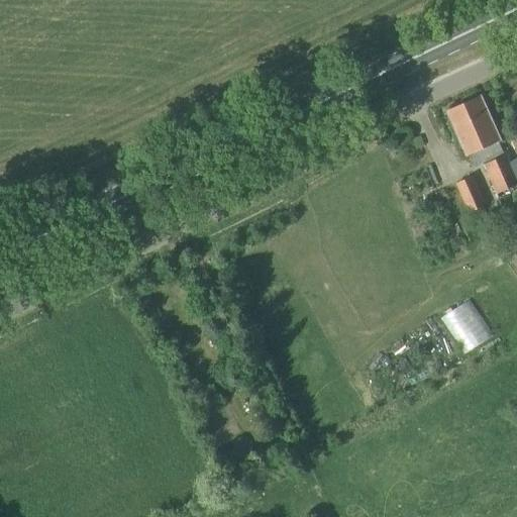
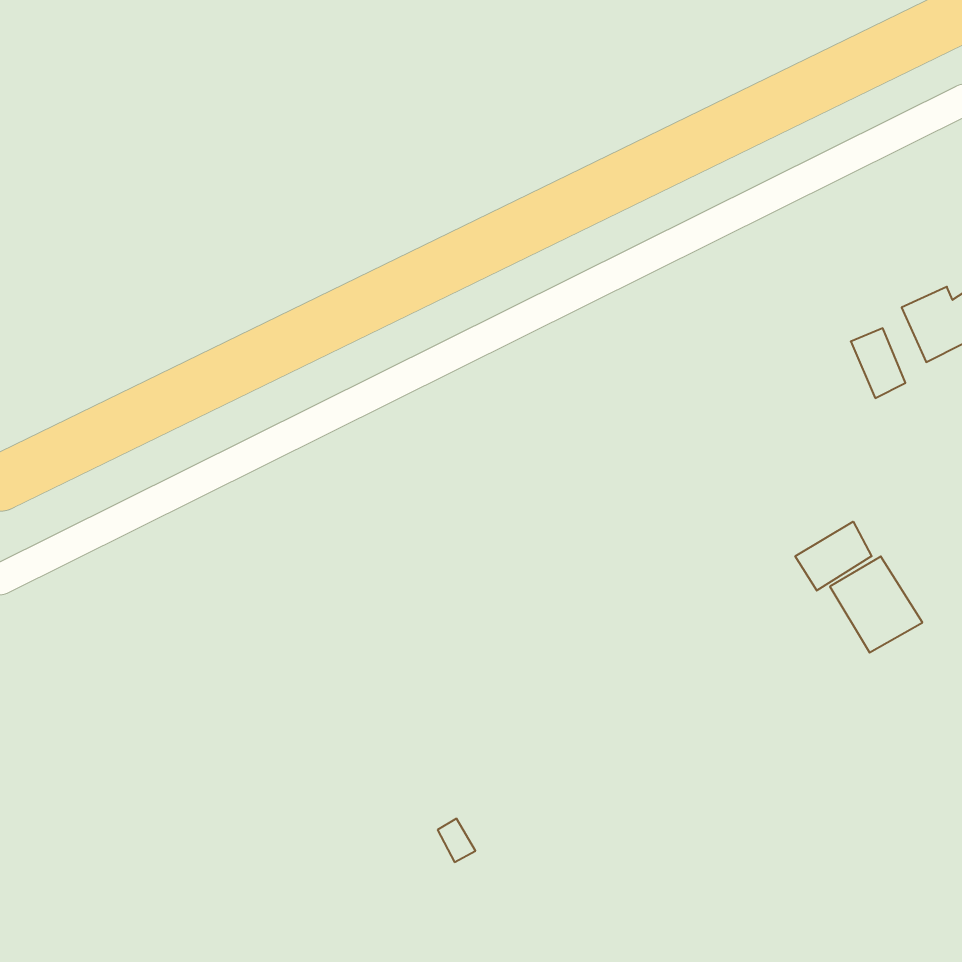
building: [447,96,501,156] -> none
building: none -> [795,522,872,591]

